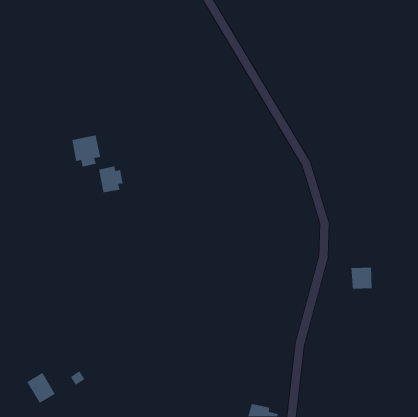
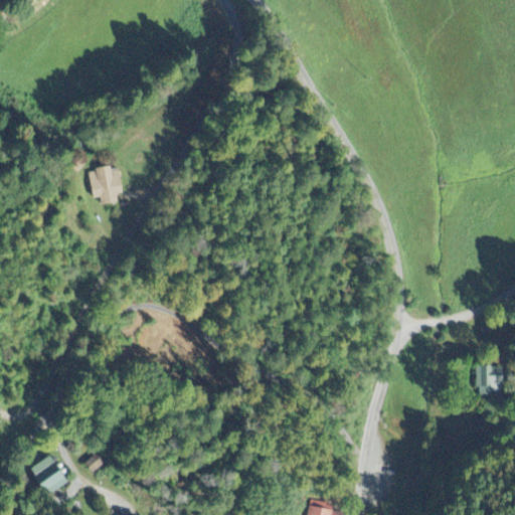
building: [98,166,124,193] -> none
building: [350,267,373,290] -> [474,365,501,393]

